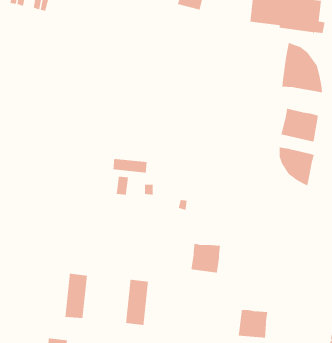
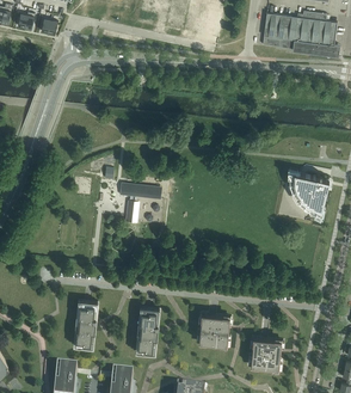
building: [282,42,323,93] -> none
building: [281,108,319,142] -> none
building: [190,243,221,273] -> [198,313,229,344]

